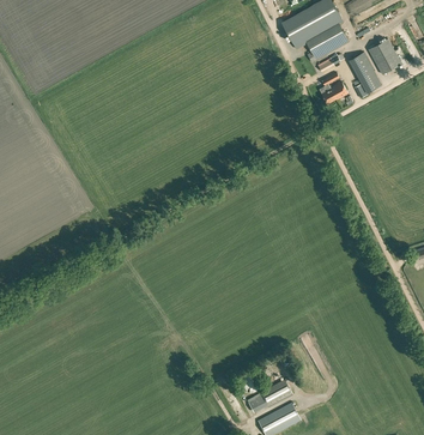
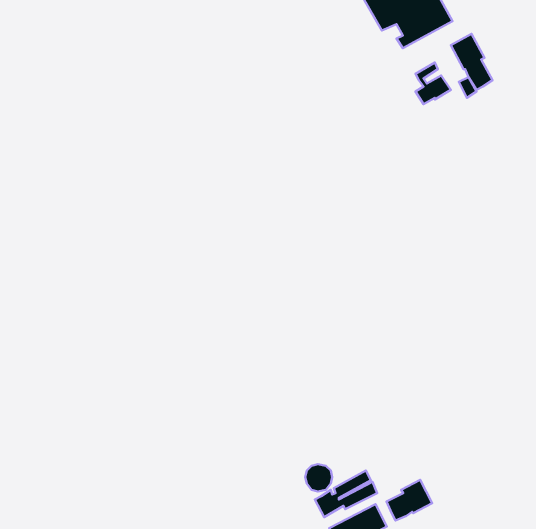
building: [369,38,402,74] -> none
building: none -> [387,480,432,520]

